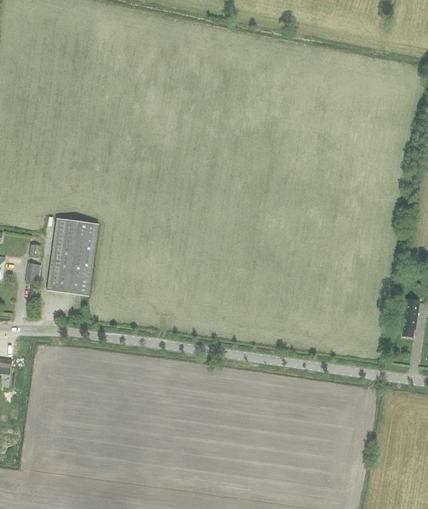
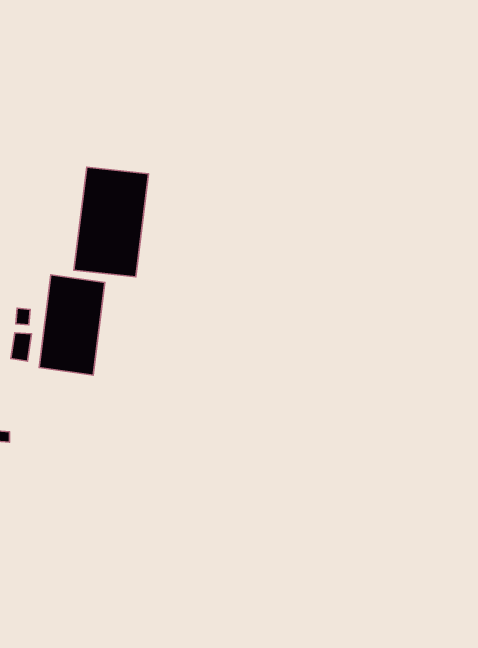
building: none -> [74,167,149,277]

